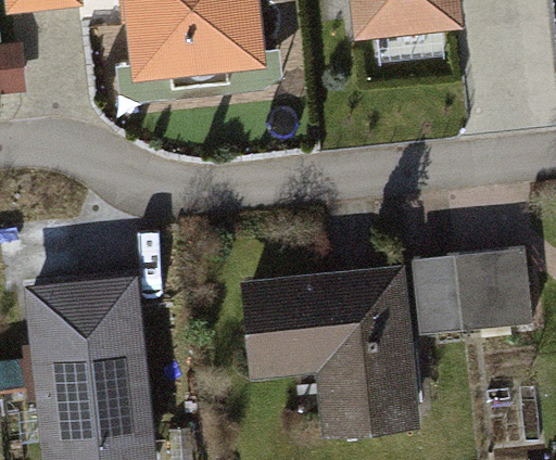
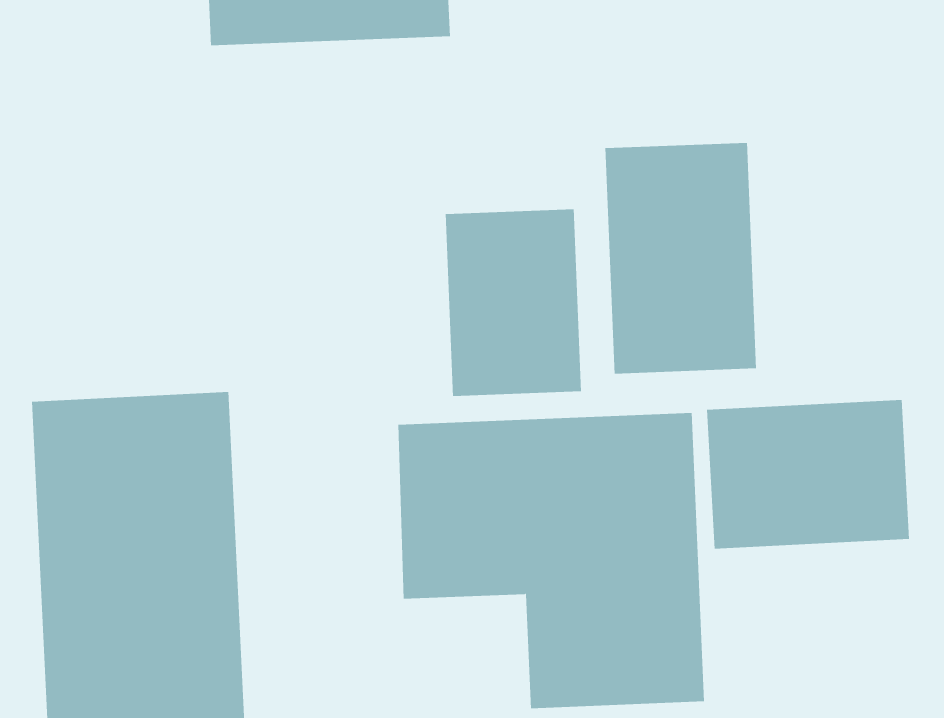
building: none -> [605,142,757,374]
building: none -> [445,208,582,397]

